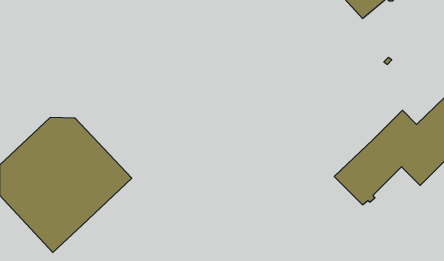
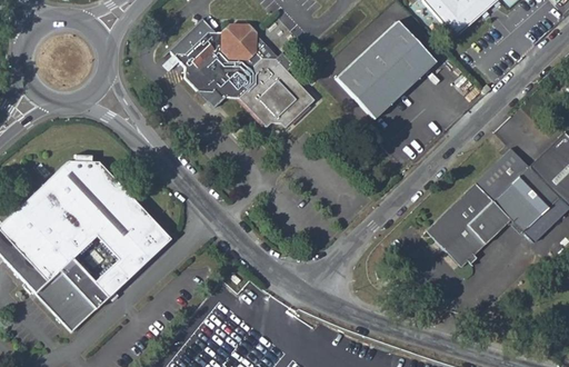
building: none -> [340,20,439,117]
building: none -> [173,26,321,133]

